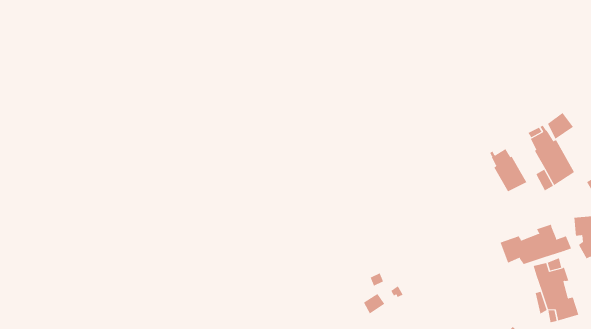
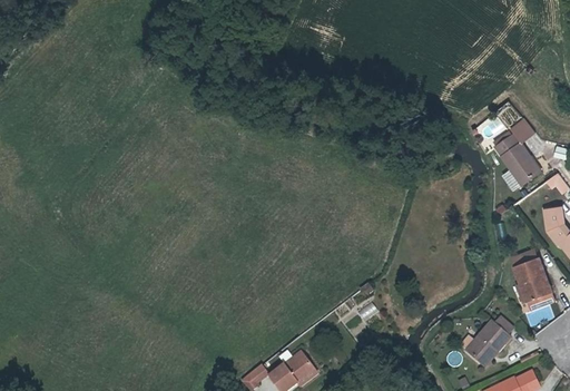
building: [489,148,527,192] -> none
building: [500,224,572,265] -> none

